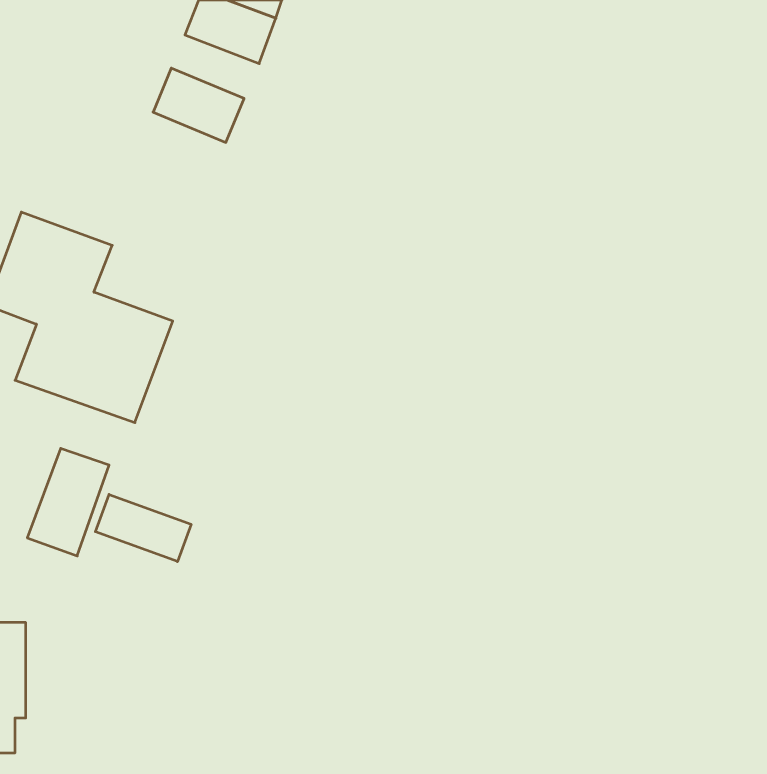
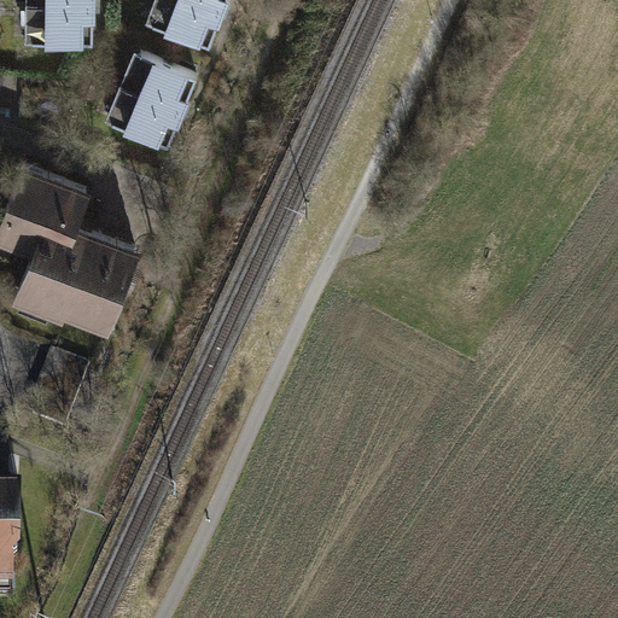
building: none -> [27,6,89,45]
building: none -> [106,89,180,148]
building: [95,494,191,562] -> none

